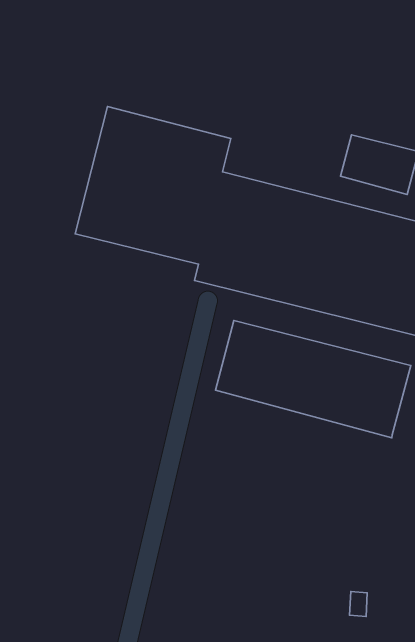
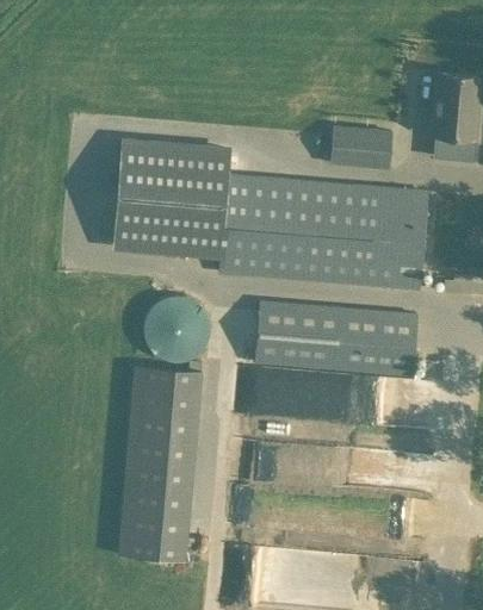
building: none -> [144,297,211,362]
building: none -> [119,366,202,561]

